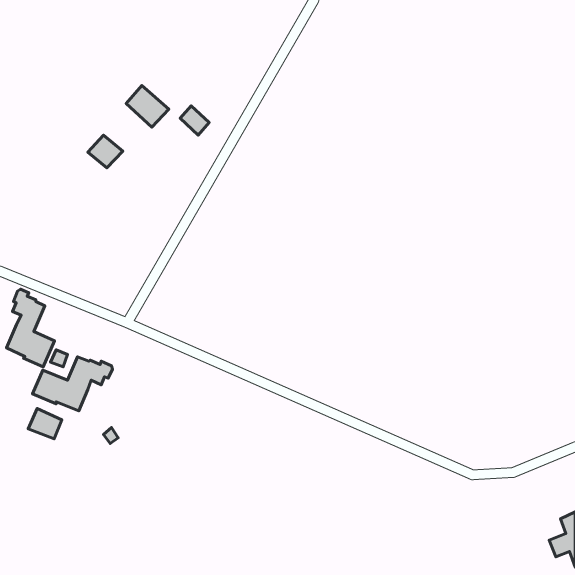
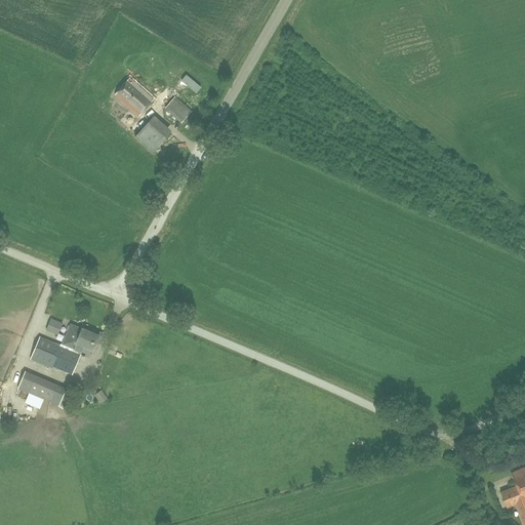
building: [88,135,123,168] -> [134,122,166,152]
building: [6,289,54,367] -> none

